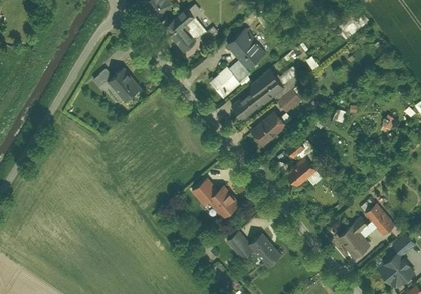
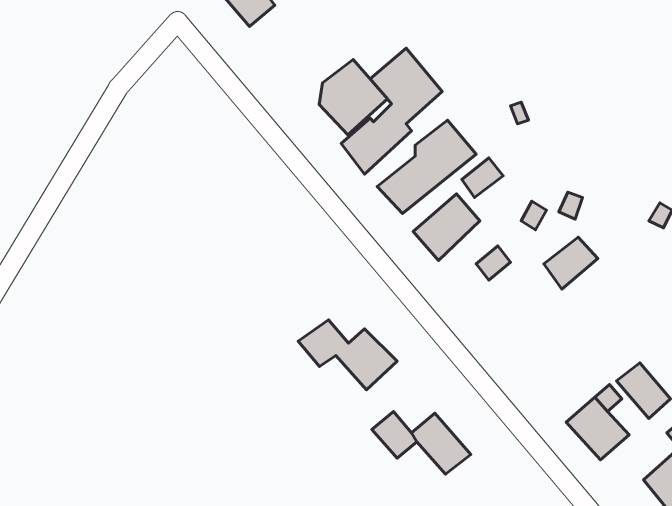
building: [168,9,206,51] -> [319,59,387,135]
building: [108,67,141,102] -> none
building: [287,158,318,187] -> [544,237,598,289]

